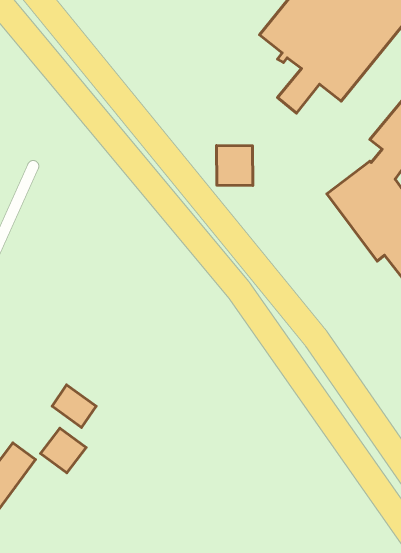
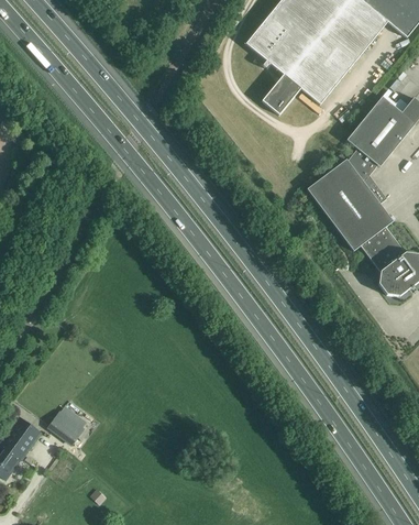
building: [216,145,253,185] -> none
building: [52,385,96,428] -> none

